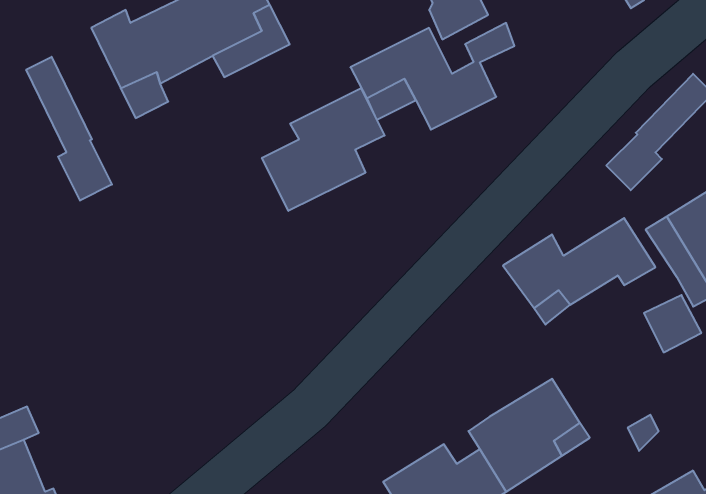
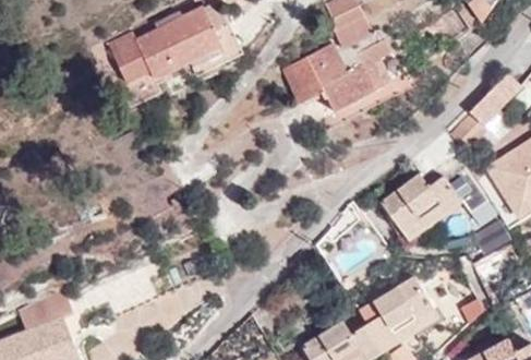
building: [26,57,112,201] -> none
building: [262,88,385,211] -> none

